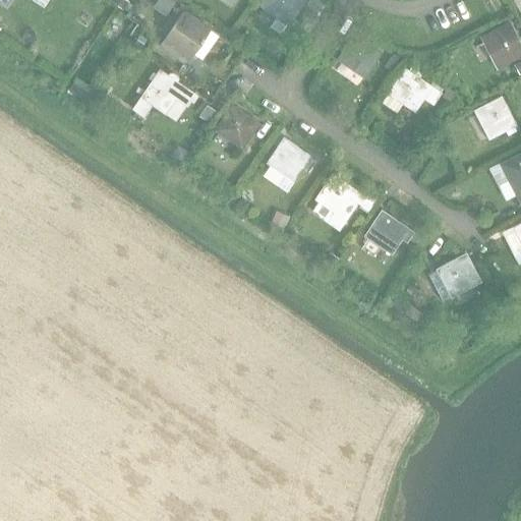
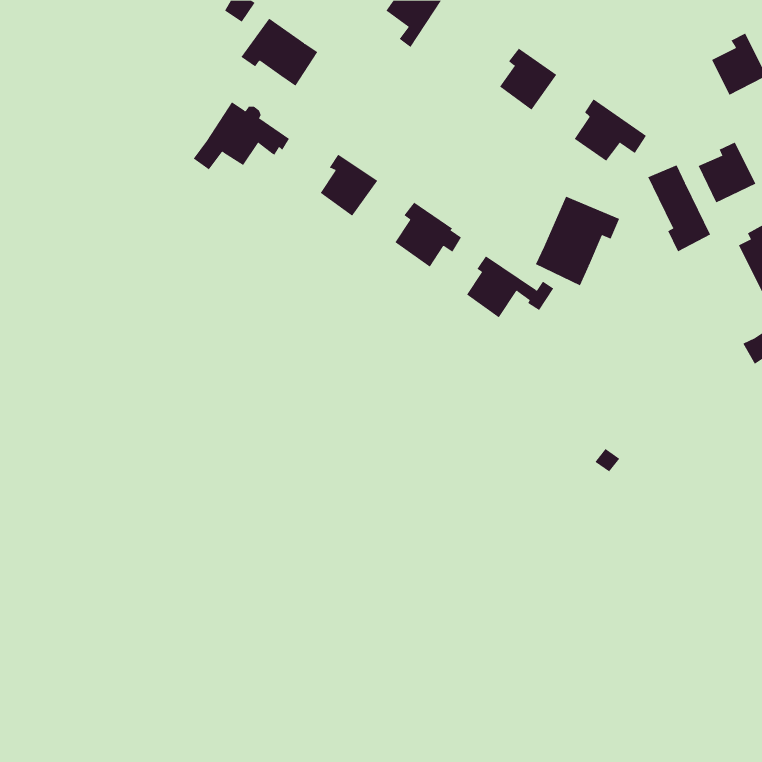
building: none -> [648,165,711,252]
building: none -> [535,196,620,286]
building: [367,211,407,253] -> none
building: [428,255,479,300] -> none

